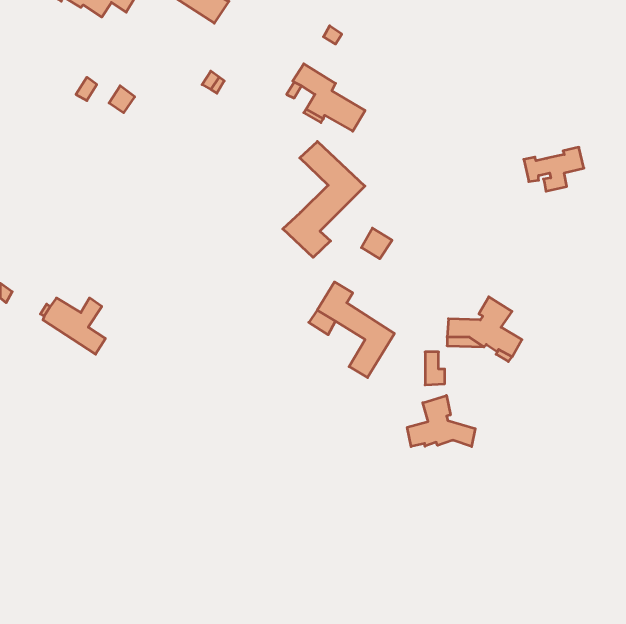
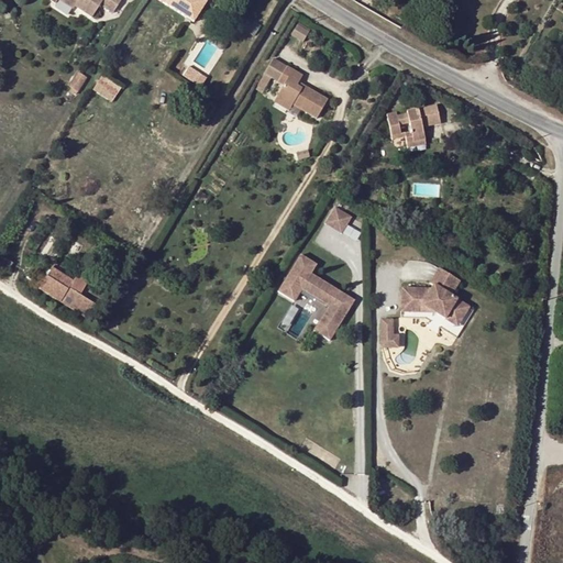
building: [283,141,365,257] -> none
building: [524,147,584,191] -> [386,103,440,143]
building: [407,395,475,447] -> none

